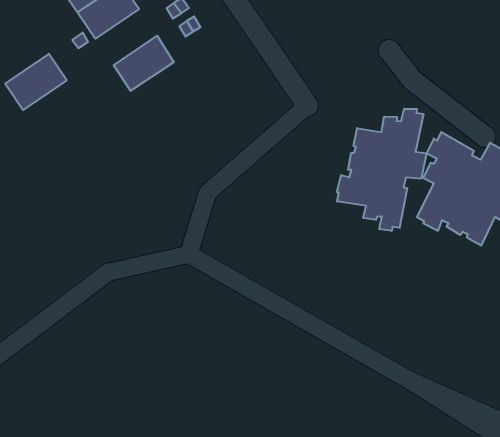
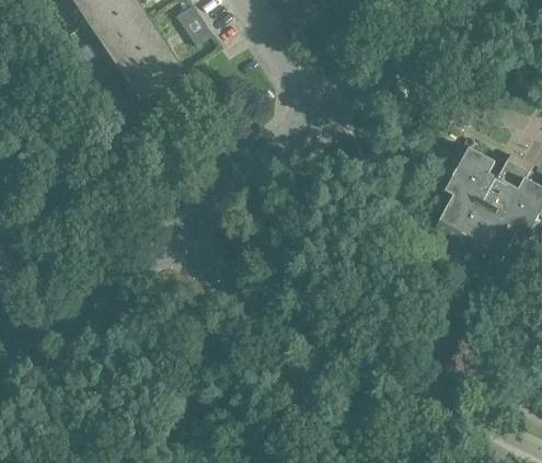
building: [5,54,67,110] -> [103,14,166,72]
building: [337,109,426,231] -> none

